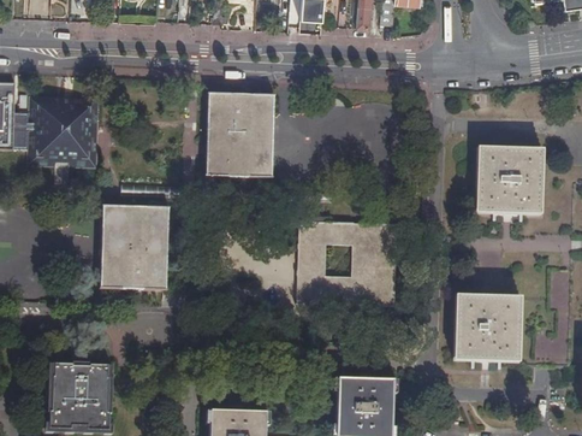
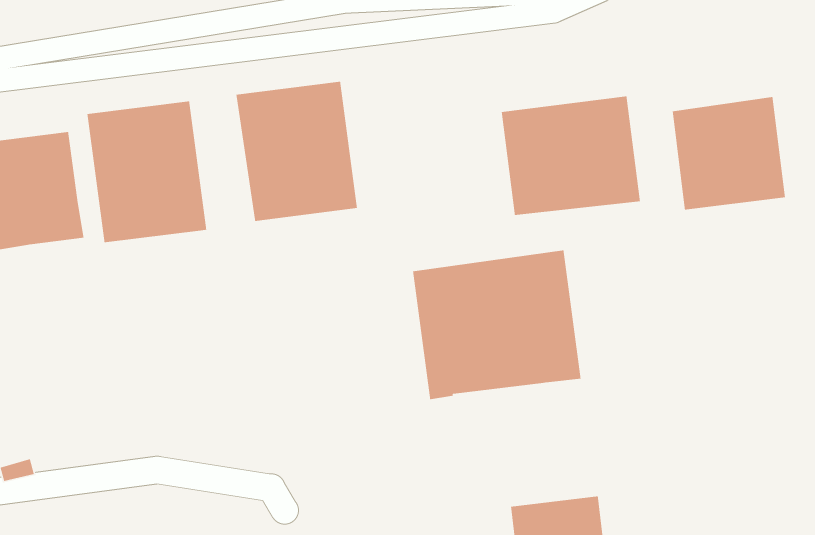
building: none -> [501,96,641,216]
building: [100,205,168,290] -> [86,100,207,243]
building: [455,295,522,363] -> none

